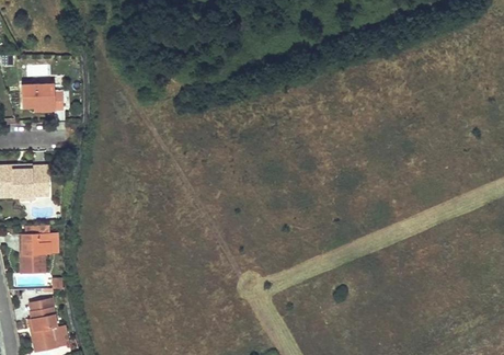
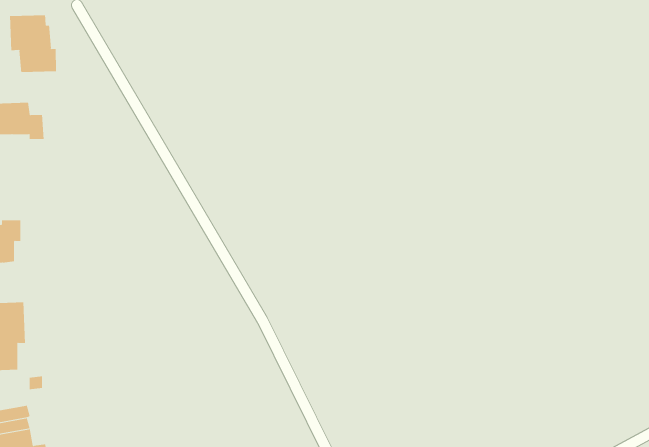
building: none -> [10,14,57,73]

